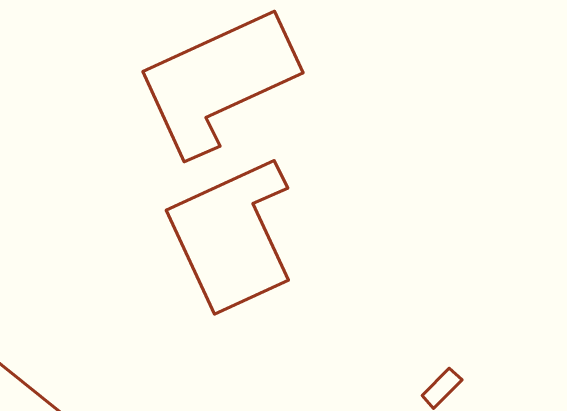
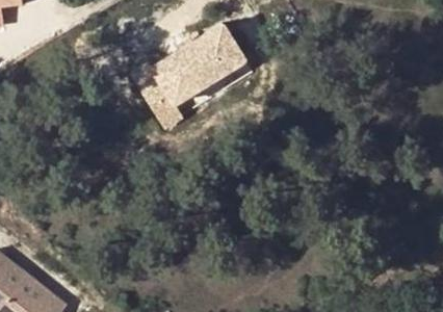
building: [166,160,288,314] -> none

